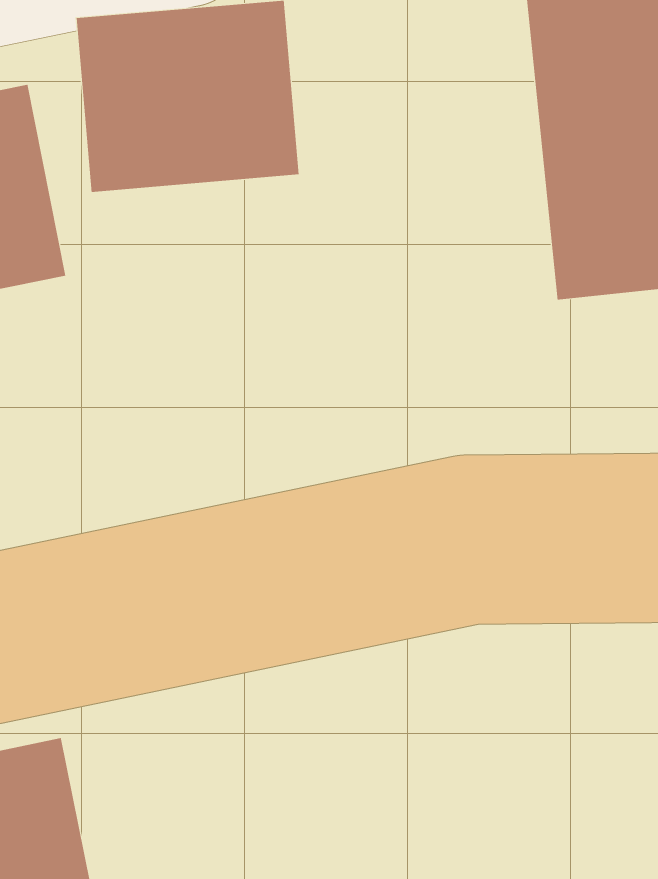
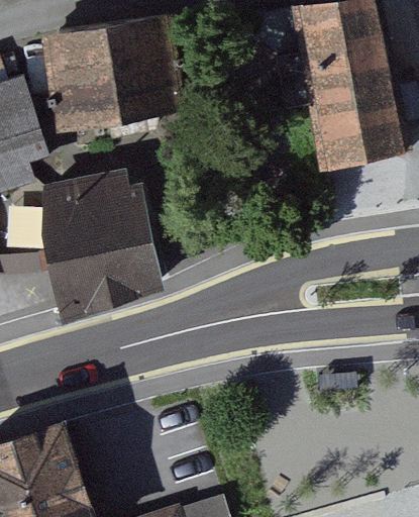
building: none -> [31,172,150,309]

